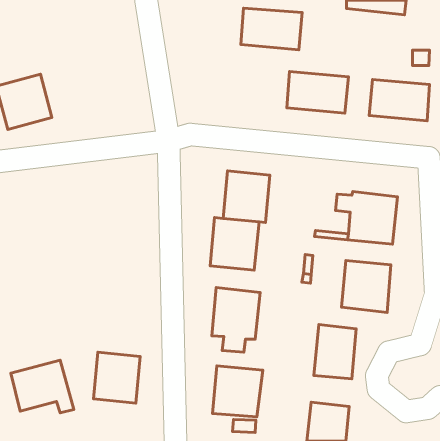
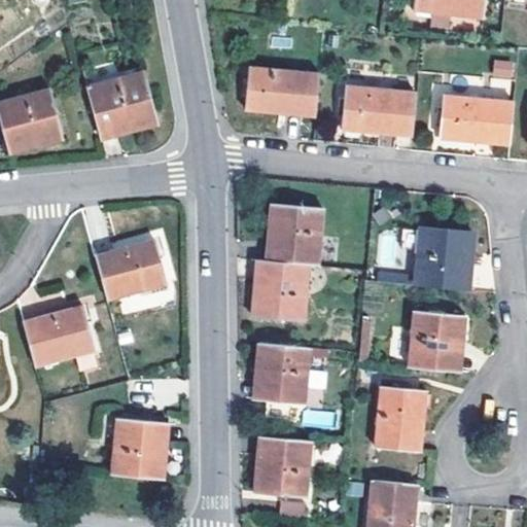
building: [241,8,302,50] -> [245,67,318,116]
building: none -> [86,73,153,139]
building: none -> [95,239,165,301]
building: [11,360,74,413] -> [23,307,98,370]

